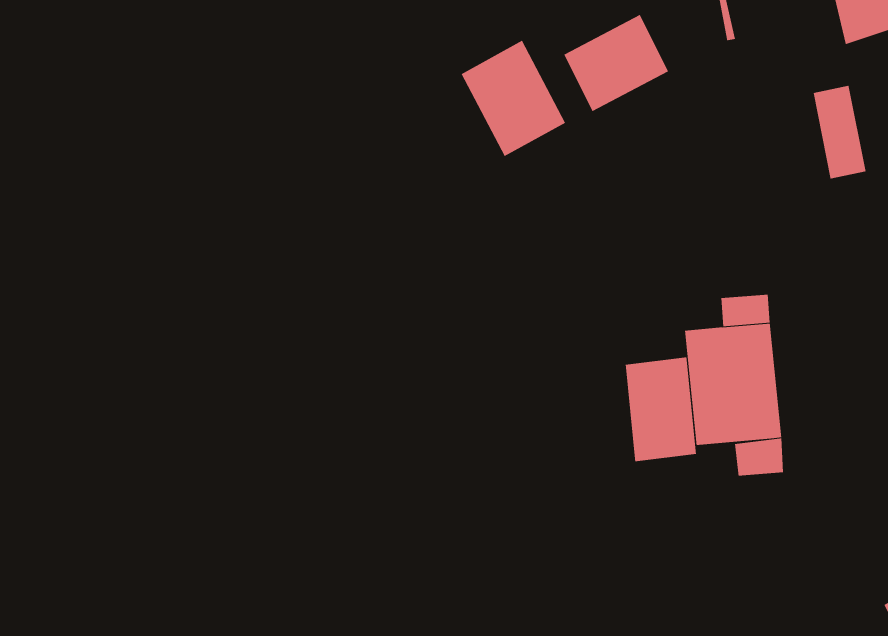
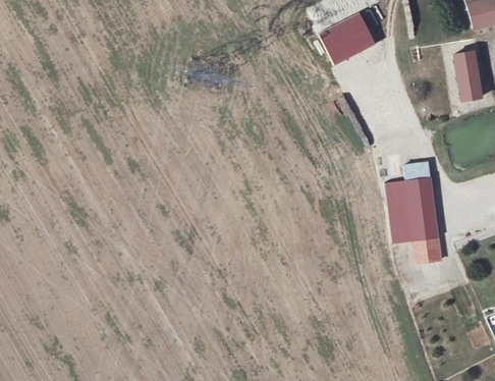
building: [461,40,566,157] -> none
building: [625,356,697,462] -> none

